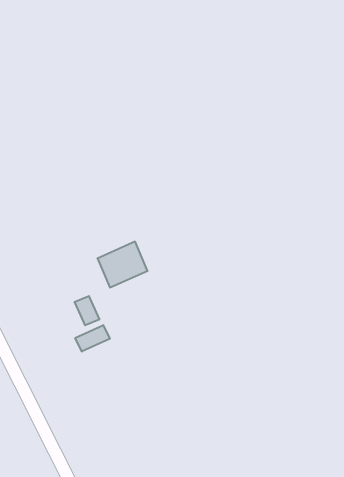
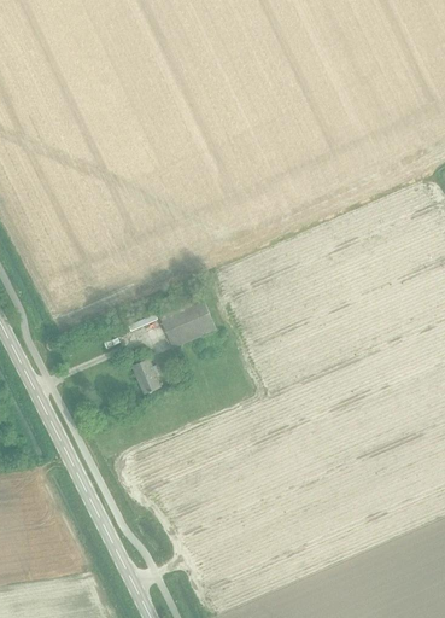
building: [75,325,110,352] -> none

